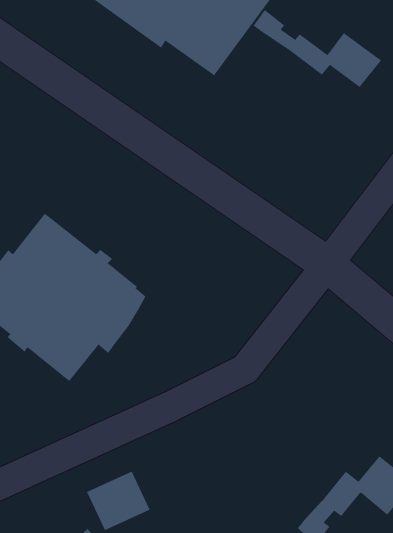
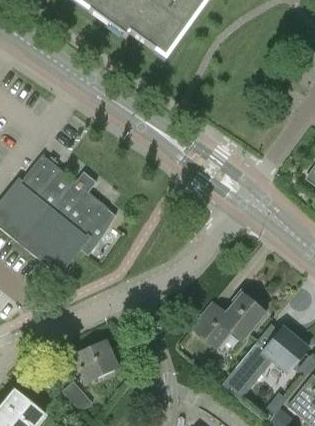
building: [253,9,382,88] -> none
building: none -> [192,295,264,347]

